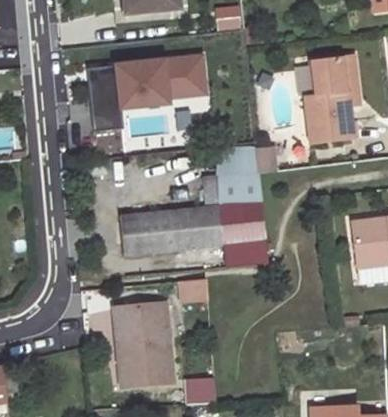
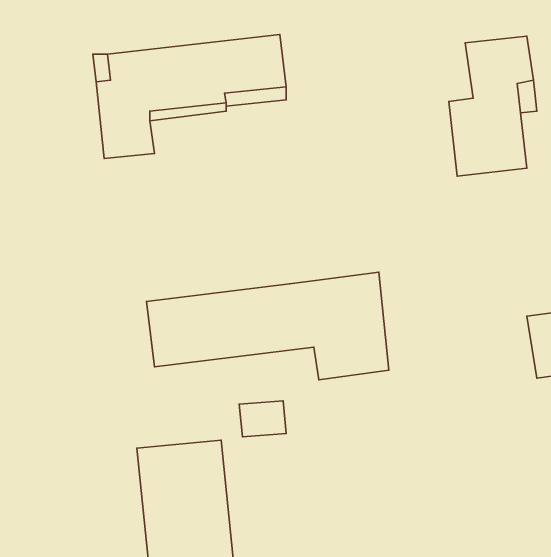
building: [204,147,261,208] -> none

